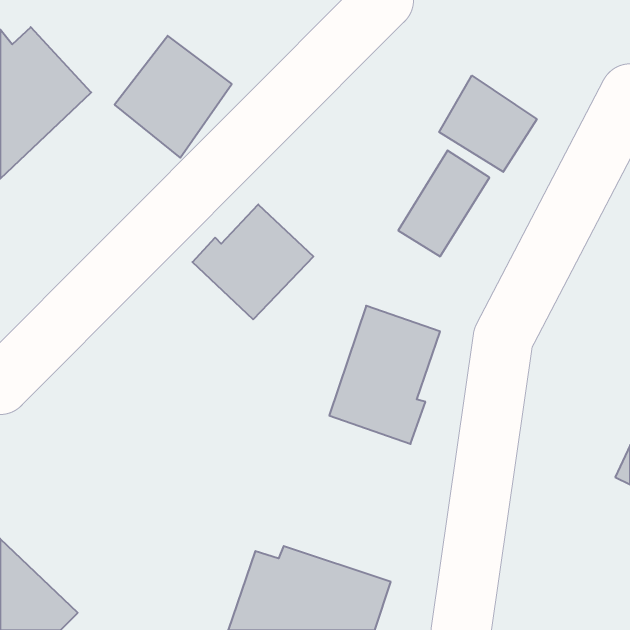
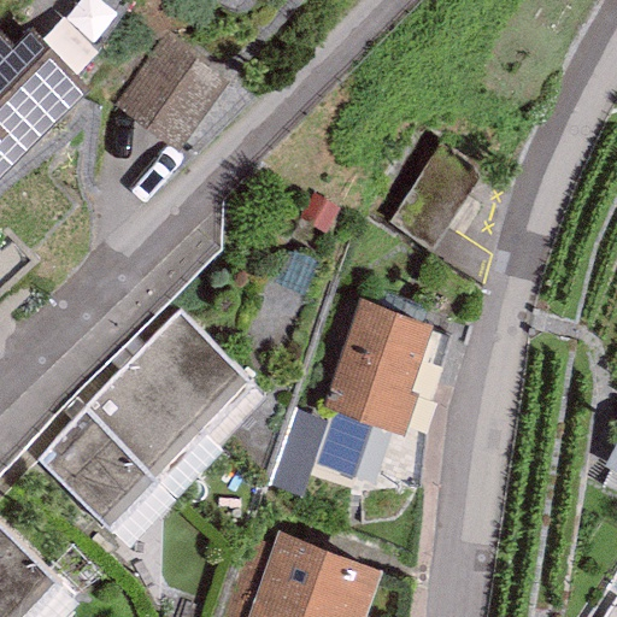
building: [439,76,537,172] -> none
building: [192,204,313,319] -> none
building: none -> [34,311,266,546]

